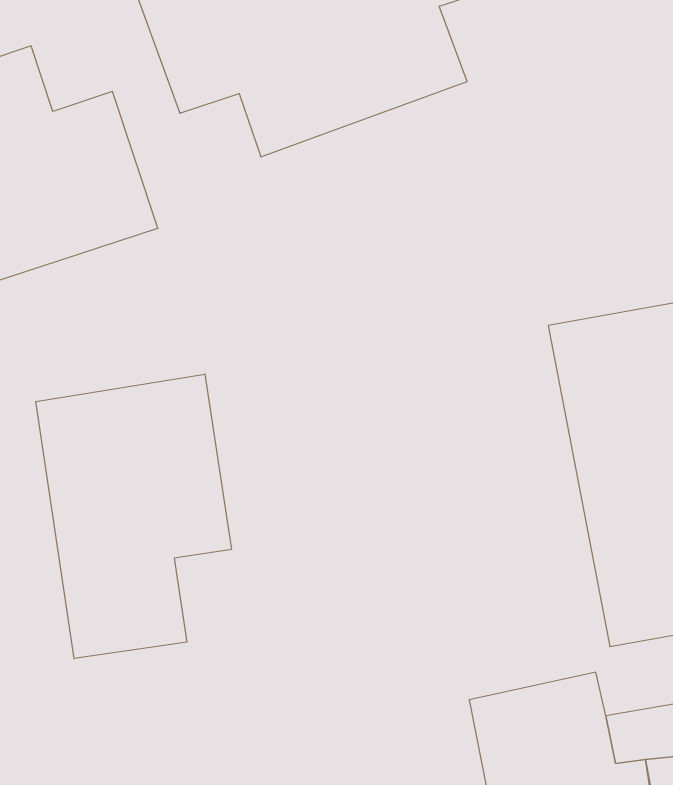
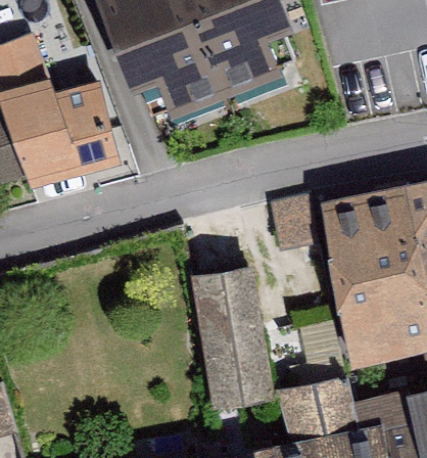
building: [36,374,231,659] -> none
building: none -> [193,268,272,408]

